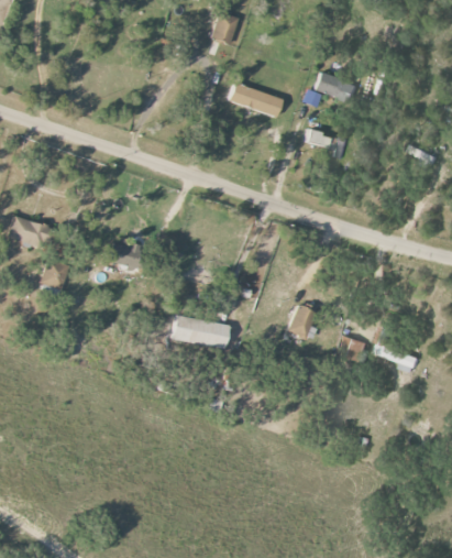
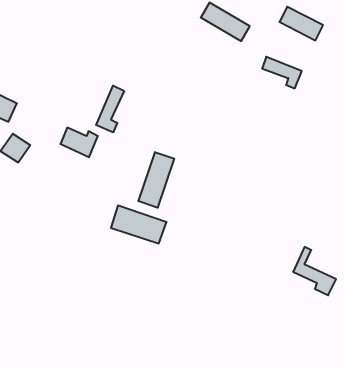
building: none -> [96,86,124,132]
building: none -> [138,152,174,208]
building: [287,305,316,339] -> none
building: [338,335,366,361] -> none

